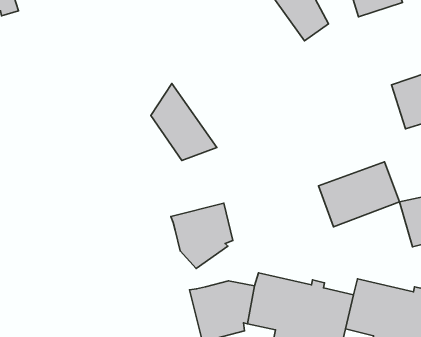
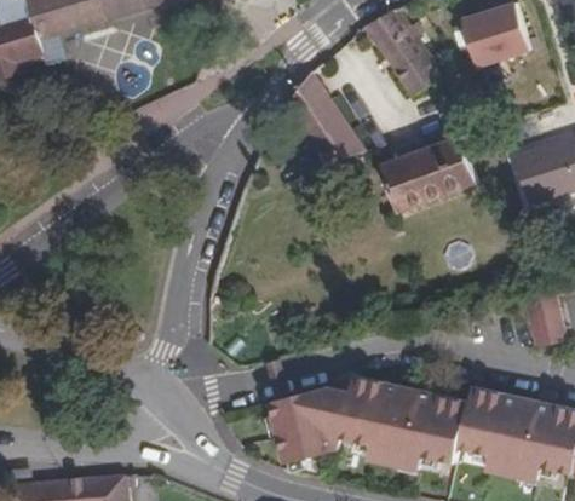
building: [151,83,217,160] -> [284,74,364,167]
building: [318,162,399,227] -> [379,136,477,214]
building: [171,203,233,269] -> none

